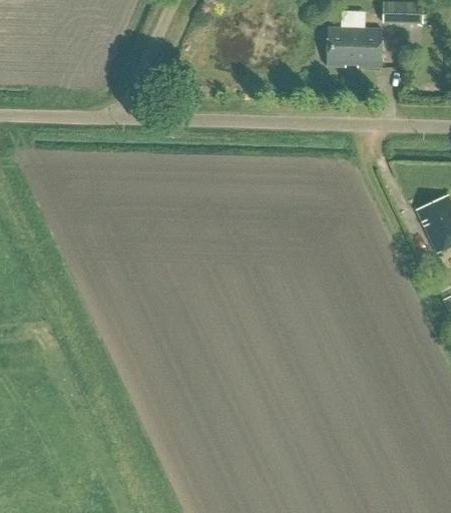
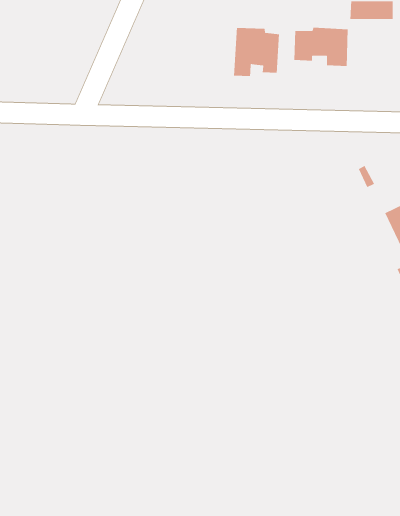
building: none -> [233,27,280,77]

